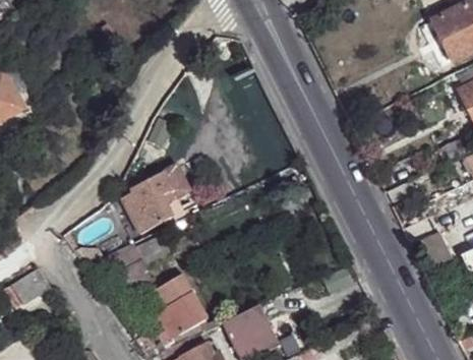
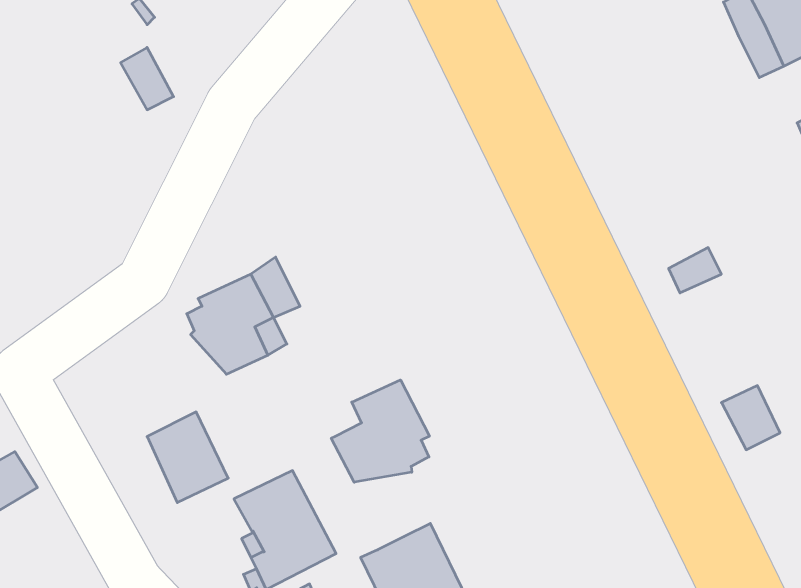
building: none -> [331,380,429,482]

